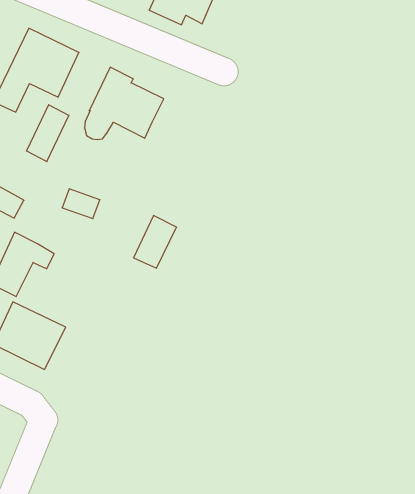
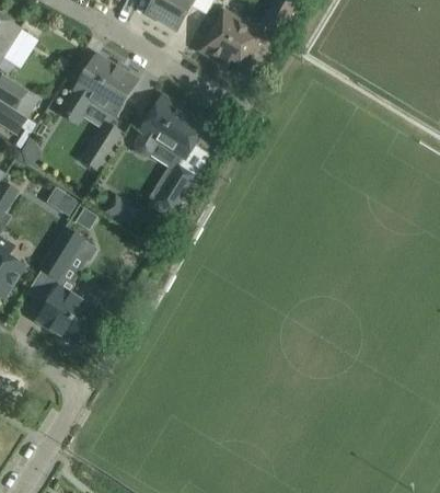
building: [134,216,177,268] -> [155,163,195,208]

